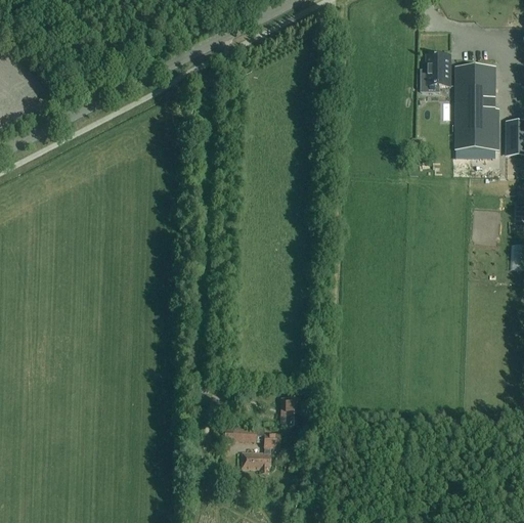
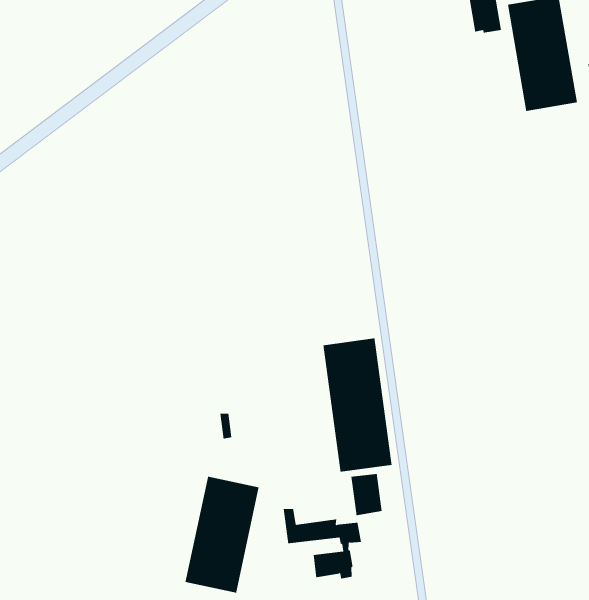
building: none -> [323,338,392,473]
building: none -> [185,476,259,593]

